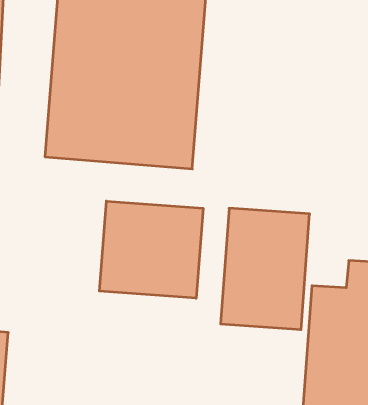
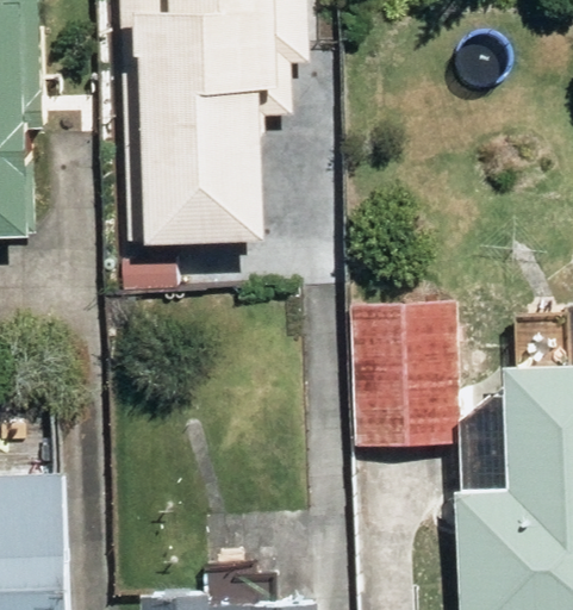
building: [99,201,203,298] -> none

